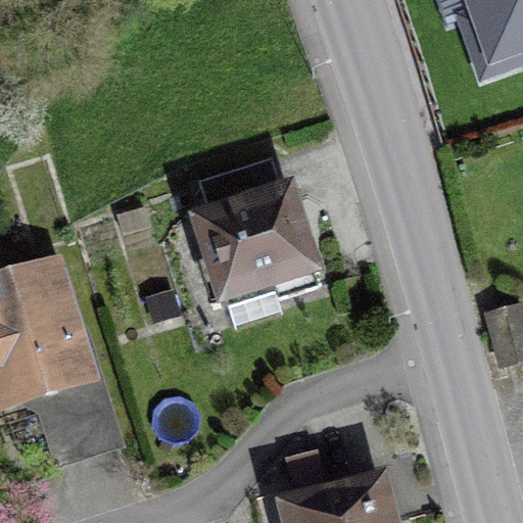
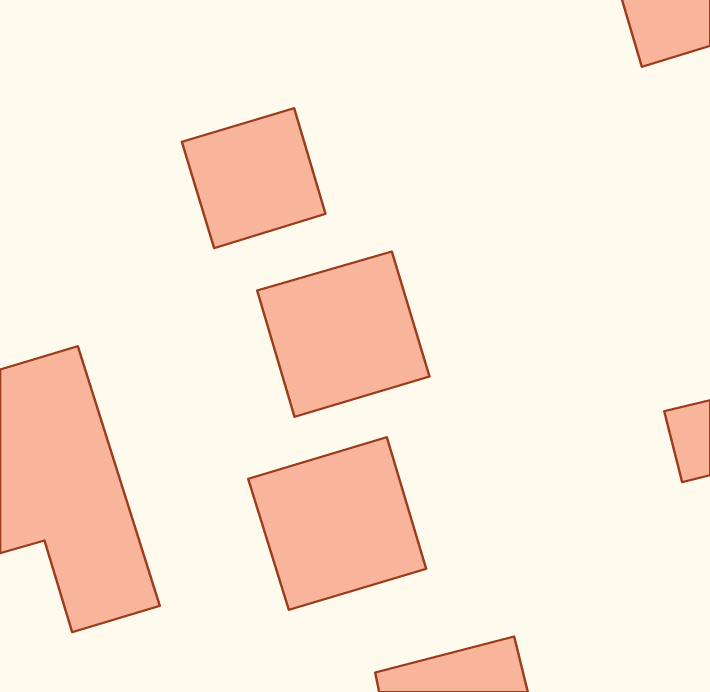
building: none -> [182,108,326,248]
building: none -> [248,437,426,610]

